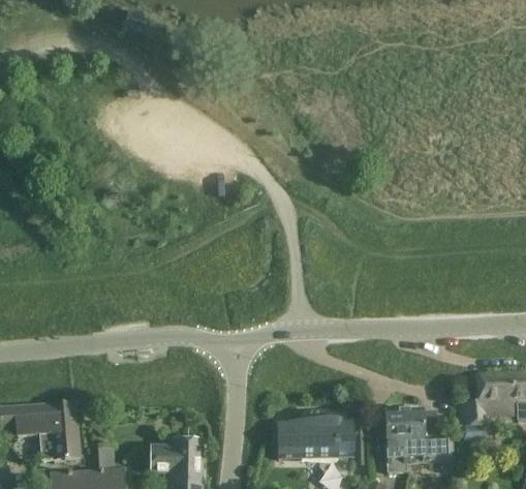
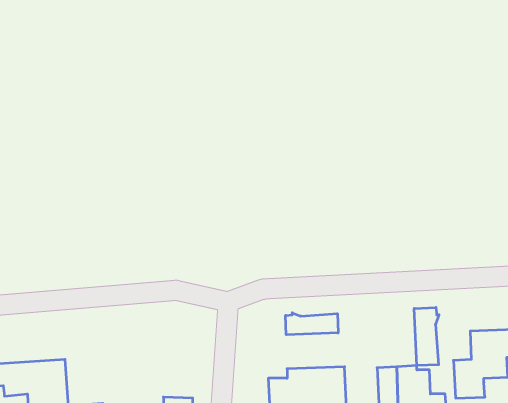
building: none -> [414,307,439,366]
building: none -> [286,313,338,335]

